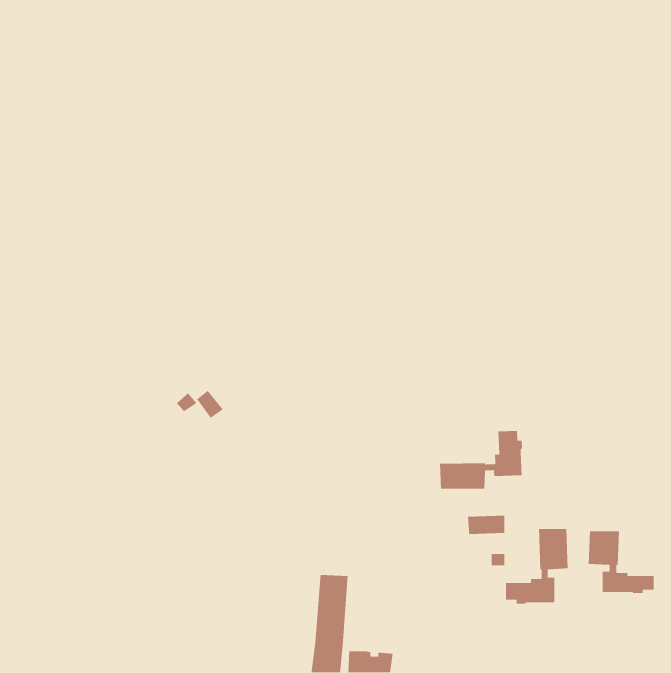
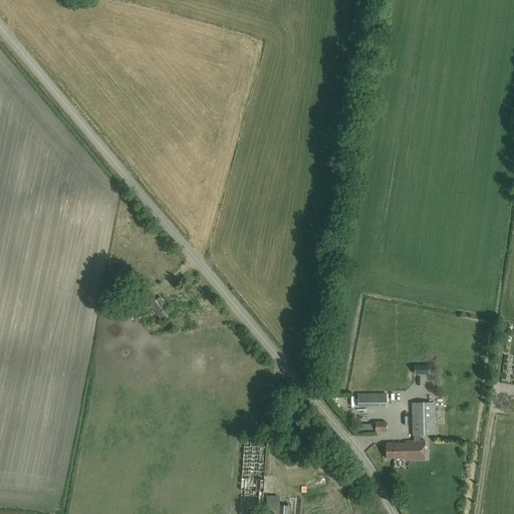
building: [439,430,523,489] -> none
building: [588,531,654,594] -> none

